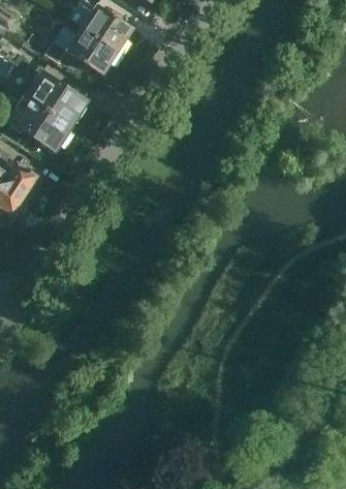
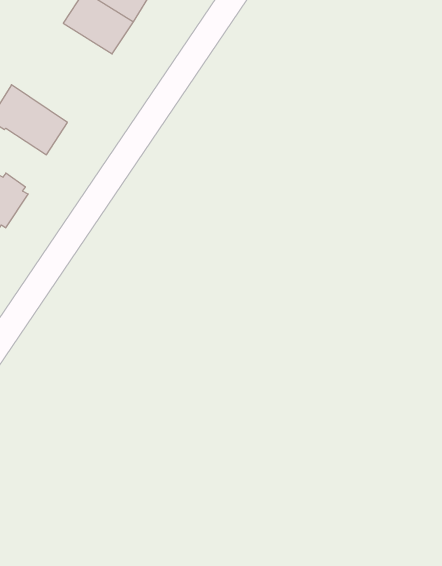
building: [26,71,84,125] -> none

